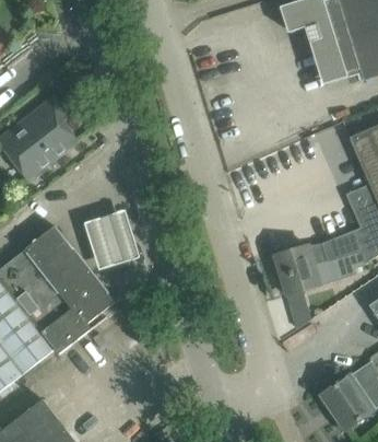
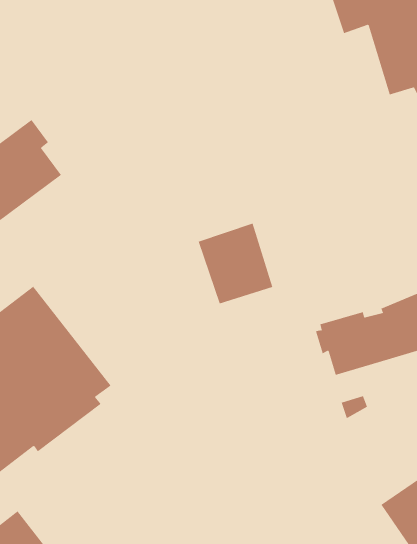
building: [87,206,145,268] -> [198,223,273,304]

